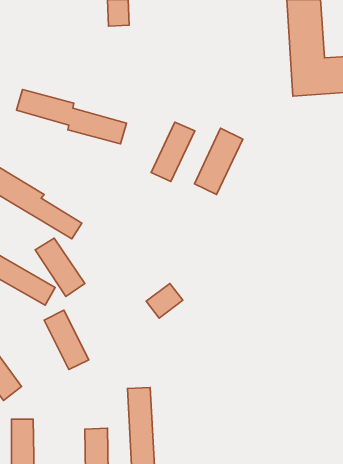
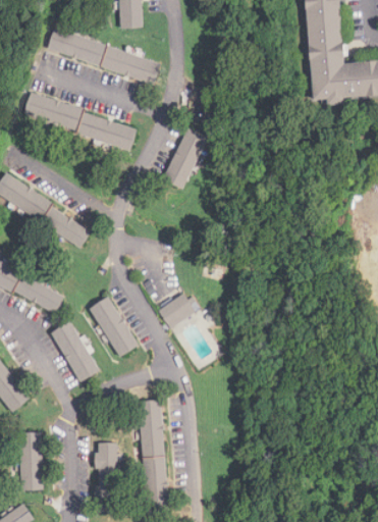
building: none -> [47,29,162,84]
building: [194,128,243,195] -> none
building: [35,238,85,297] -> [89,298,140,358]

